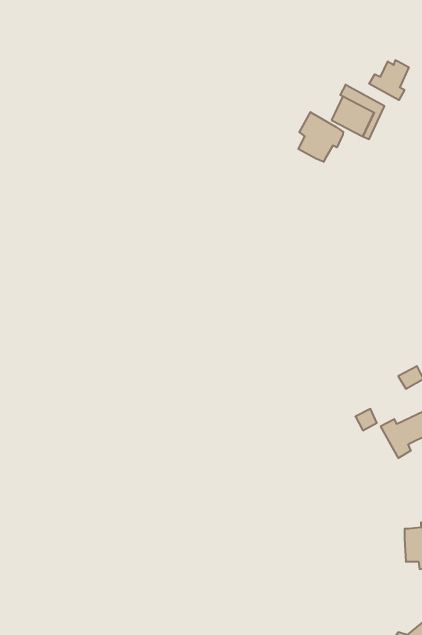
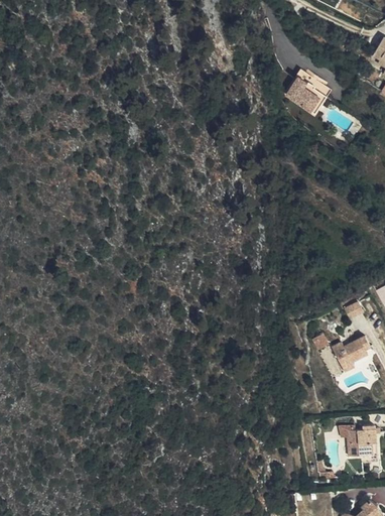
building: [369,60,409,100] -> none
building: [298,112,343,162] -> none

